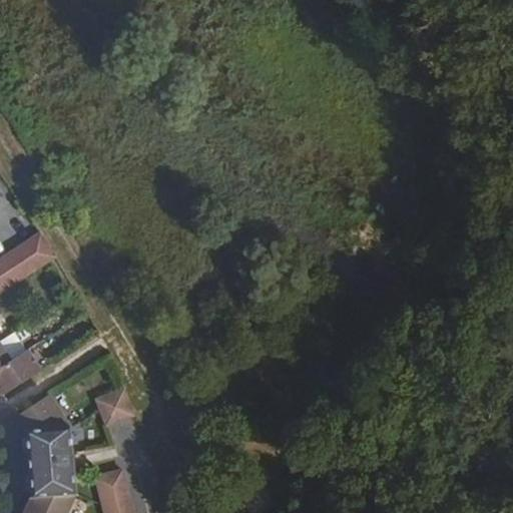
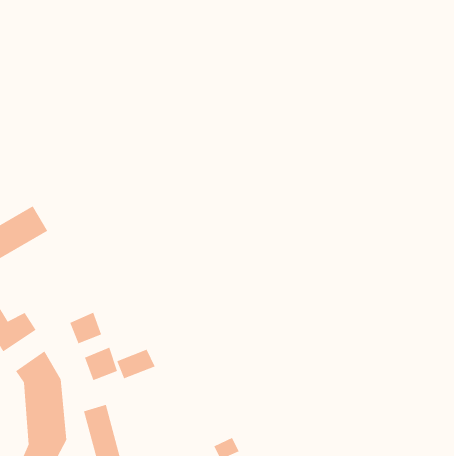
building: none -> [70,312,102,344]
building: none -> [117,349,156,379]

